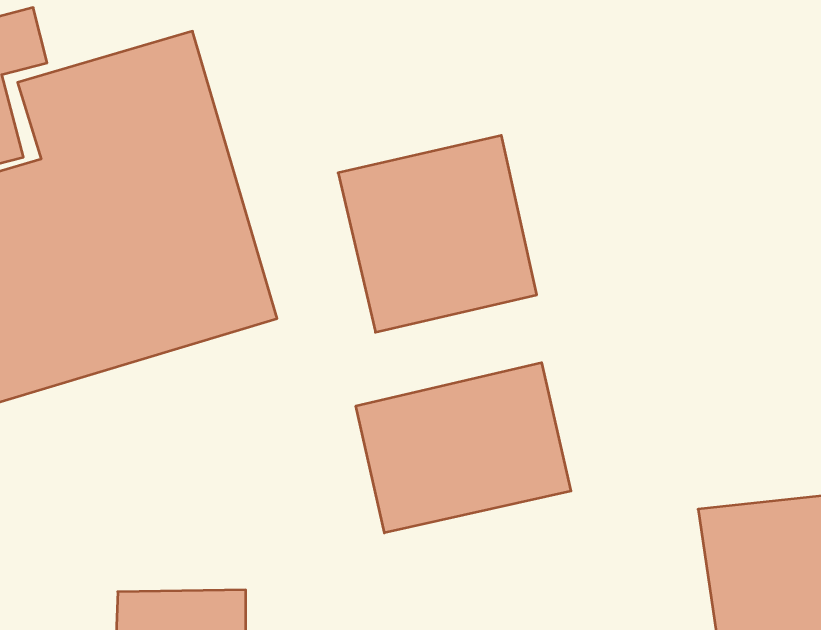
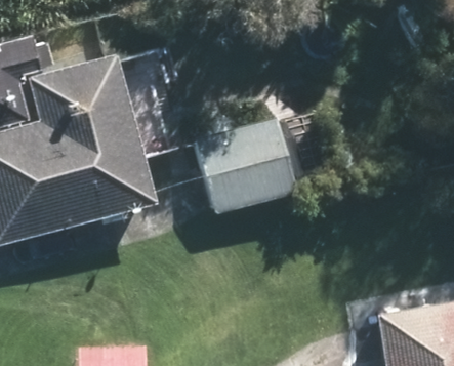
building: [356,363,571,533] -> none

